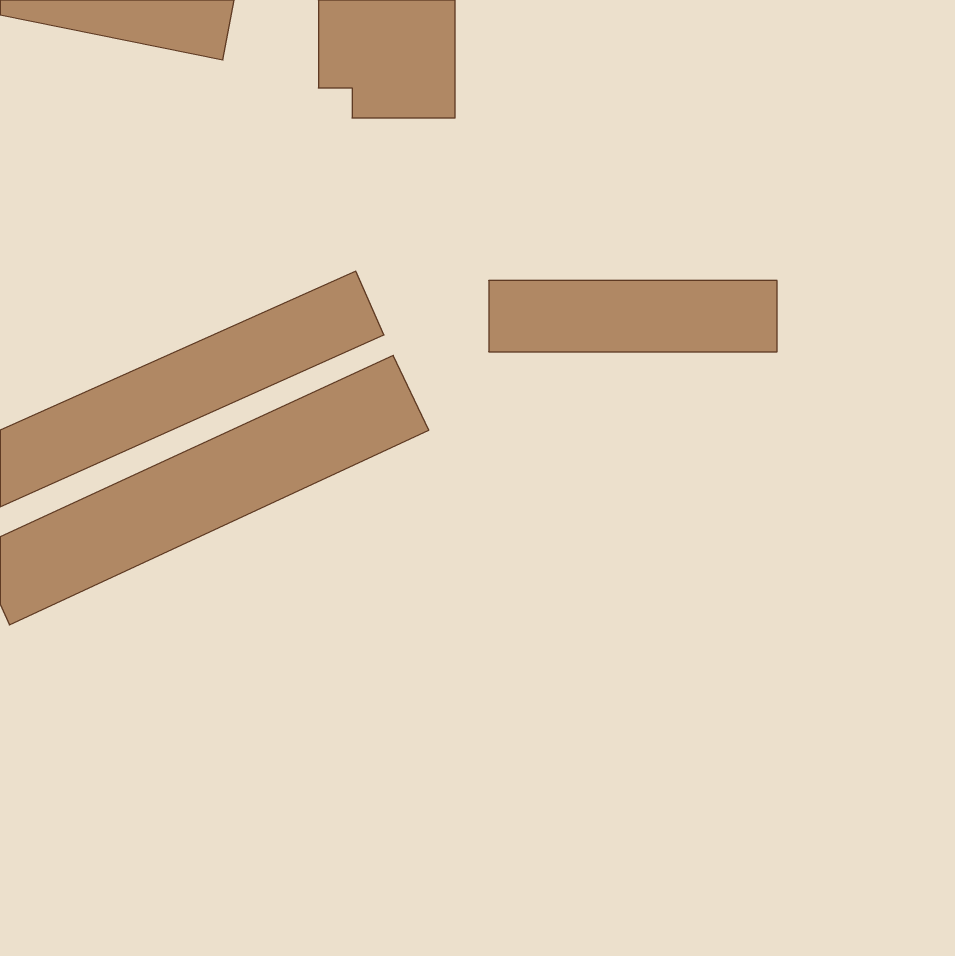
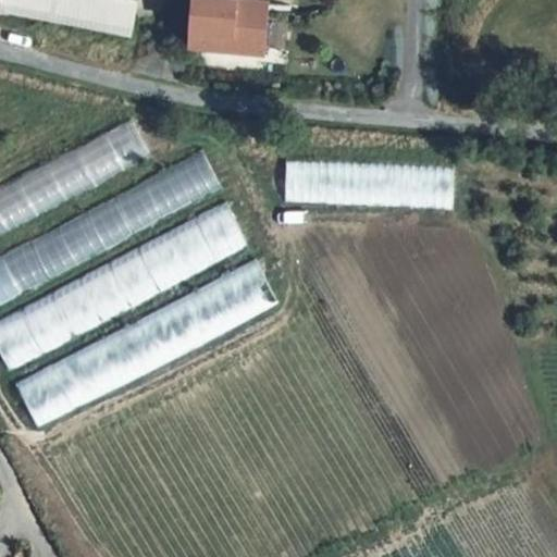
building: none -> [13,267,280,419]

